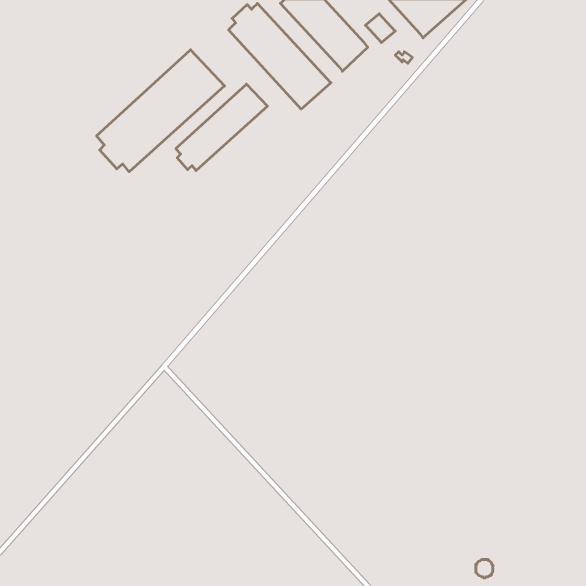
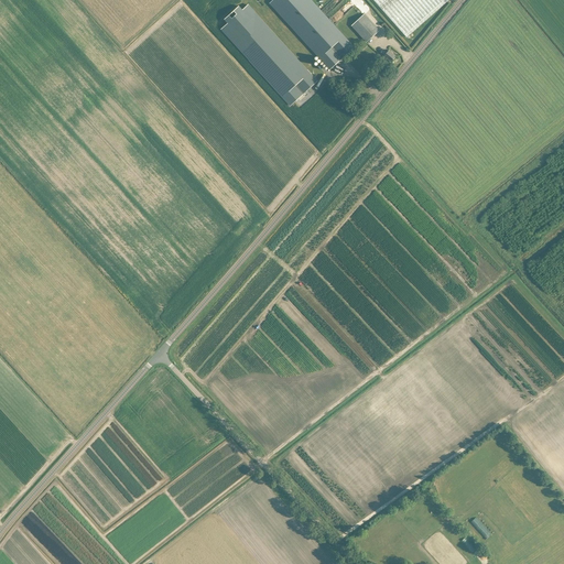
building: [97,50,225,172] -> none
building: [176,84,267,171] -> none

